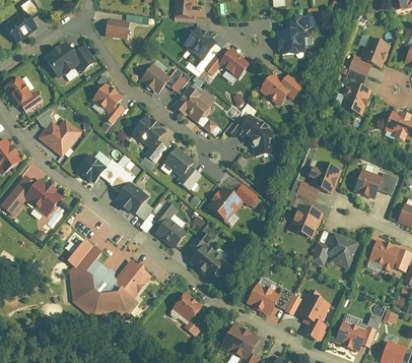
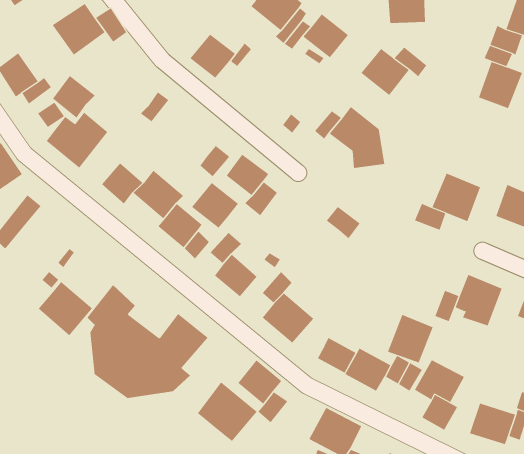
building: [92,82,123,113] -> [52,75,96,119]
building: [175,85,212,122] -> none
building: [132,115,165,147] -> [191,182,239,228]
building: [24,177,63,216] -> [38,281,93,336]
building: [207,185,244,221] -> none
building: [290,203,323,238] -> [387,314,434,363]
building: none -> [317,337,356,374]
building: none -> [197,381,258,442]

